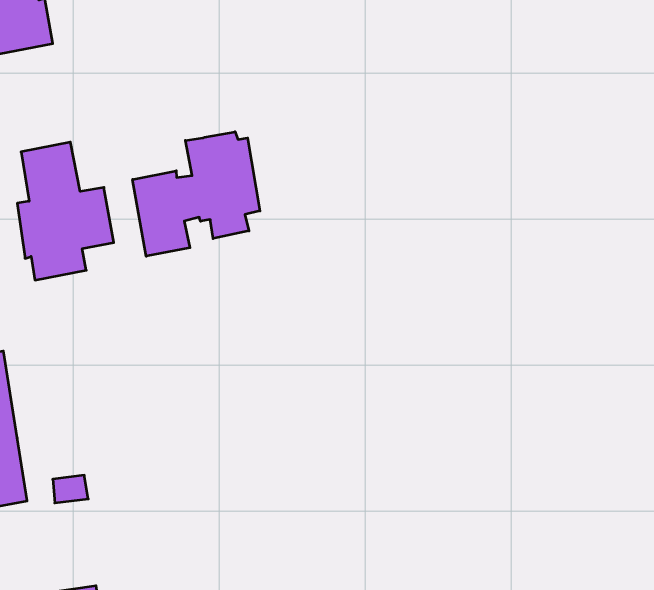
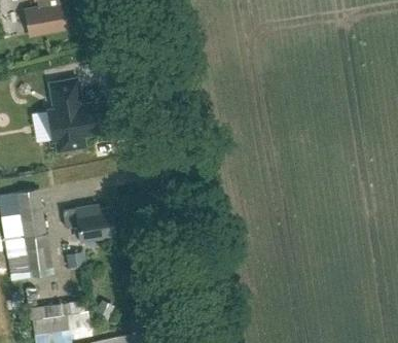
building: [133,132,260,256] -> none
building: none -> [63,205,115,241]

